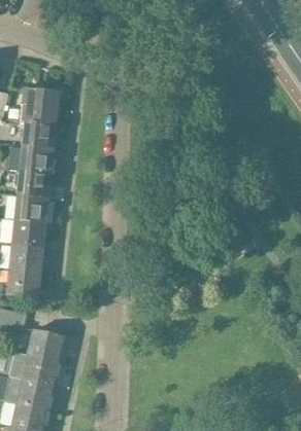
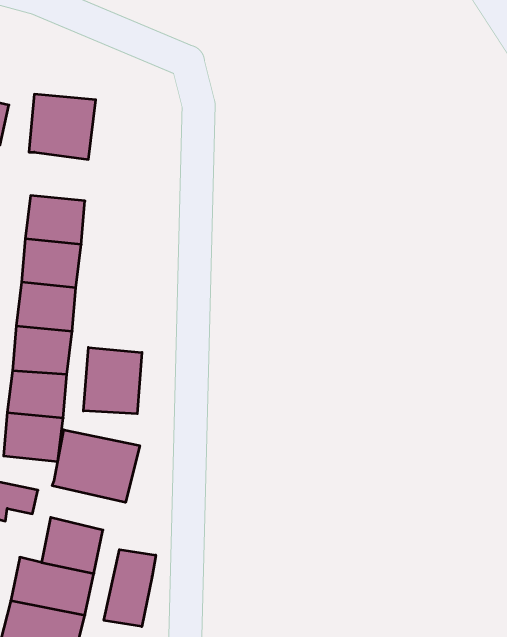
building: [22,121,55,149] -> none
building: none -> [83,347,142,414]
building: none -> [52,430,140,502]
building: none -> [104,550,156,627]

